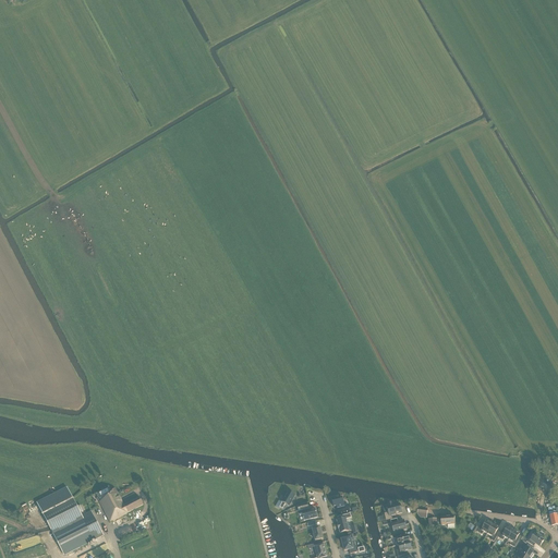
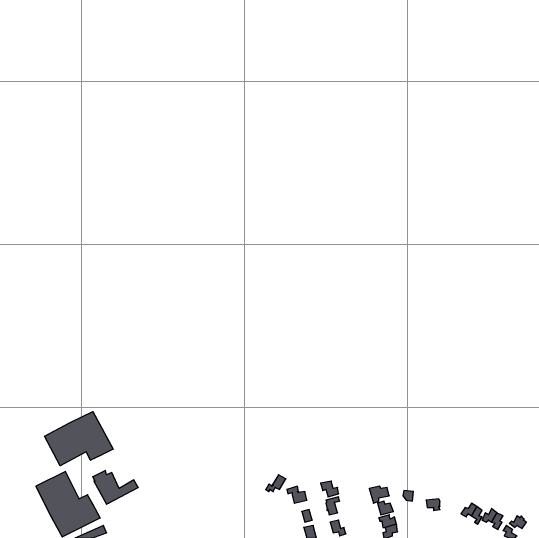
building: none -> [45,412,113,466]

